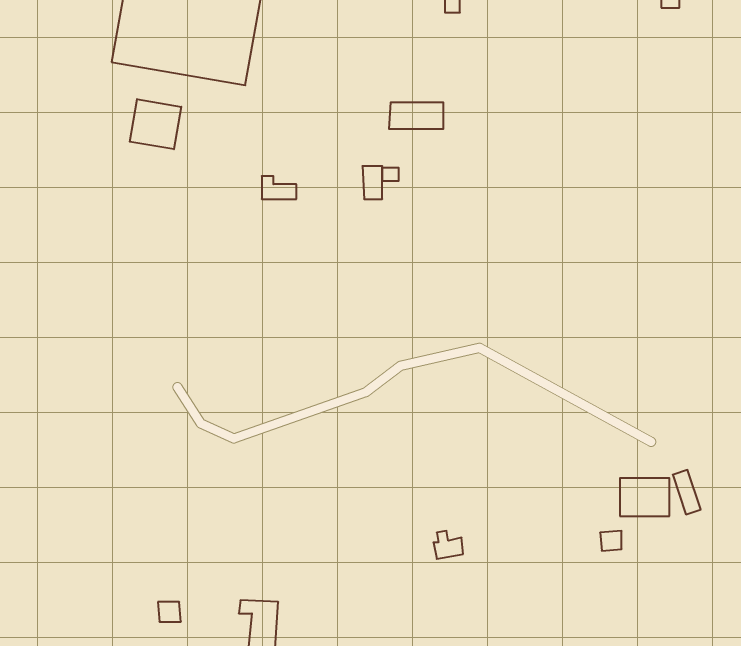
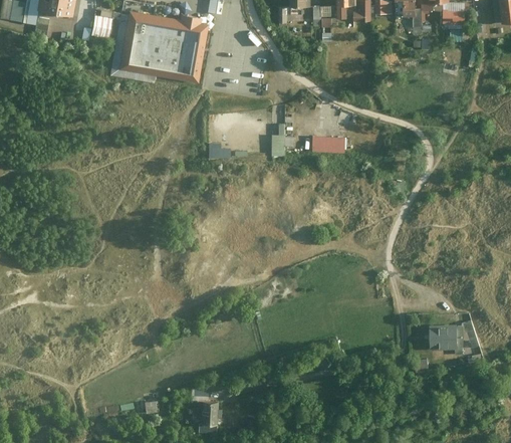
building: [130,99,181,149] -> none
building: [389,102,443,129] -> [311,138,344,154]

